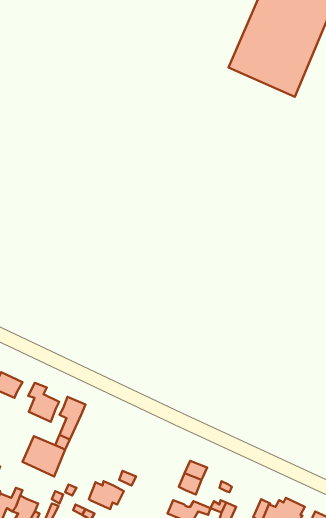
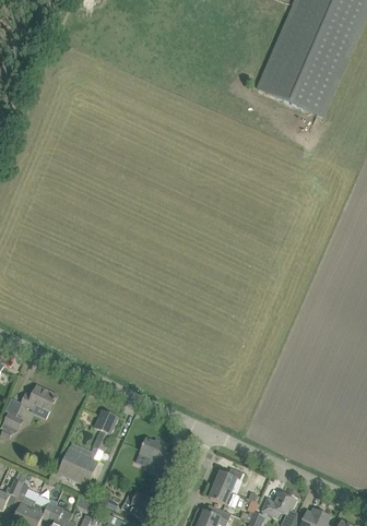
building: [28,383,59,422] -> none
building: none -> [139,437,174,470]
building: none -> [262,491,295,516]

